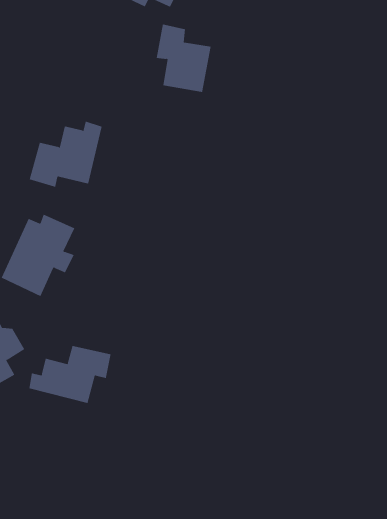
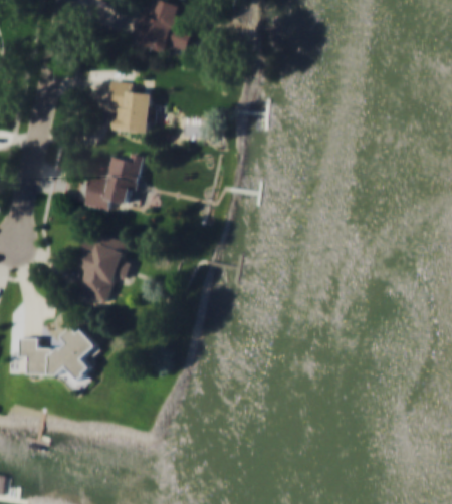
building: [156,24,212,92] -> [108,80,154,134]
building: [29,345,111,404] -> none

